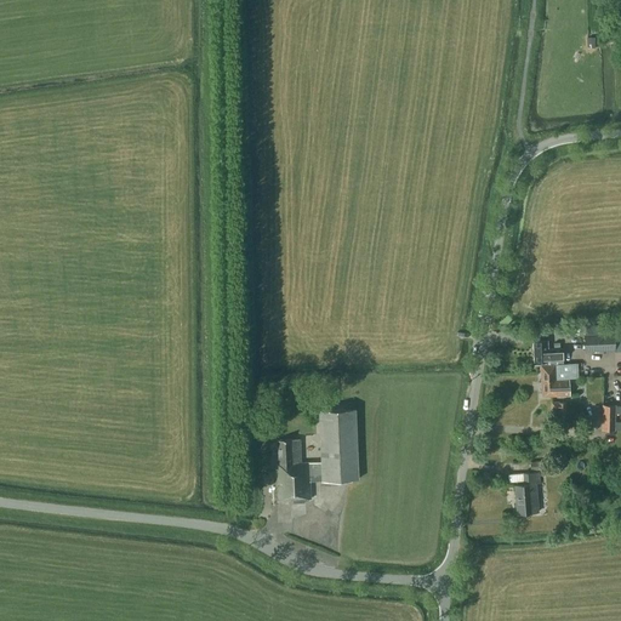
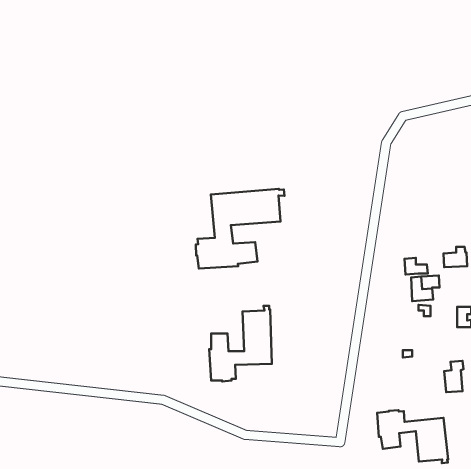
building: none -> [196,189,285,268]
building: [514,474,540,515] -> [444,361,464,392]
building: none -> [377,410,448,463]

